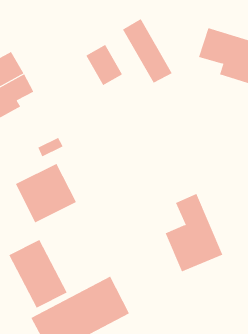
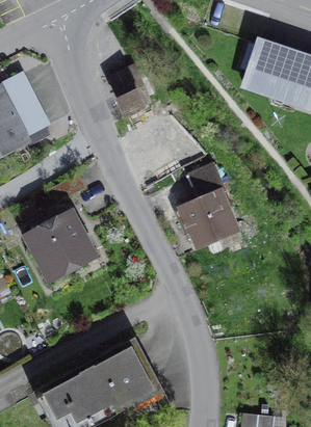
building: [122,18,172,84] -> none
building: [165,193,223,272] -> [171,161,240,256]
building: [9,239,68,309] -> none

